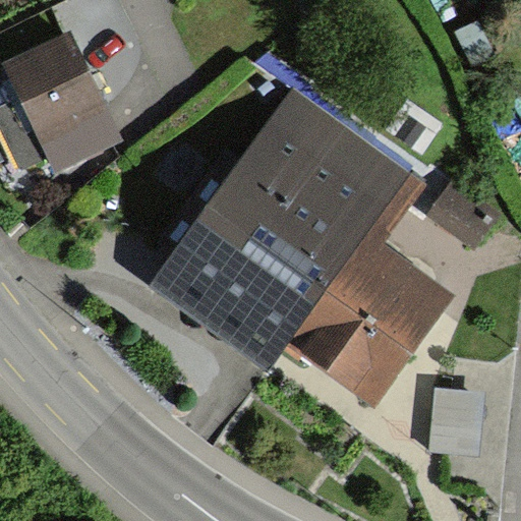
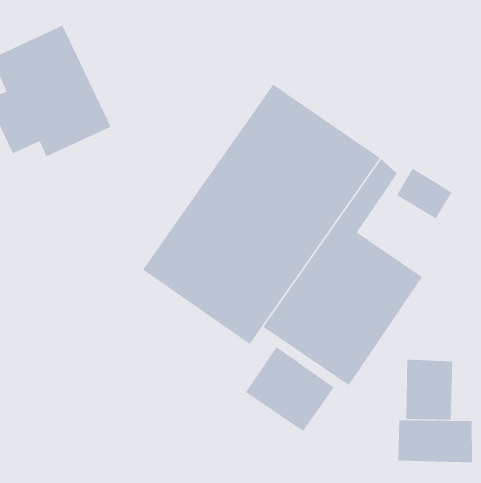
building: none -> [245,346,334,432]
building: none -> [398,419,472,463]

